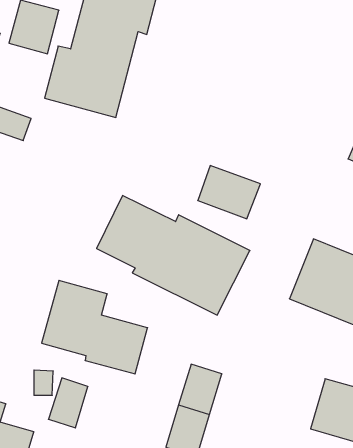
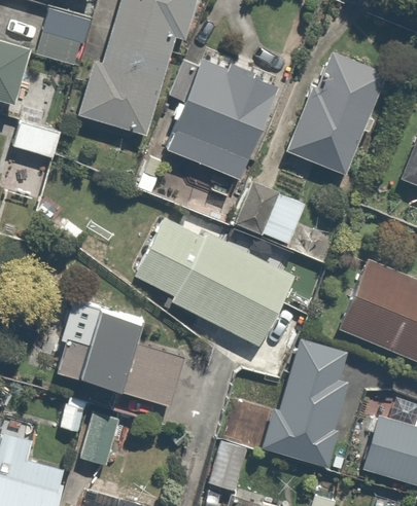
building: none -> [281,46,388,182]
building: none -> [164,59,277,179]
building: none -> [263,339,350,471]

